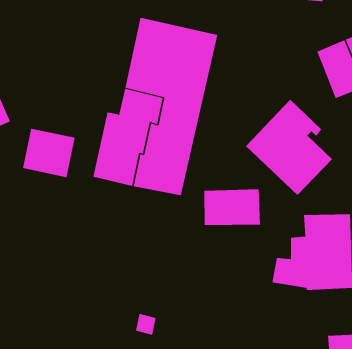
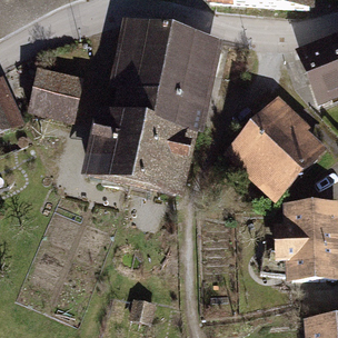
building: [22,128,75,178] -> [30,71,80,118]
building: [204,188,260,226] -> none

